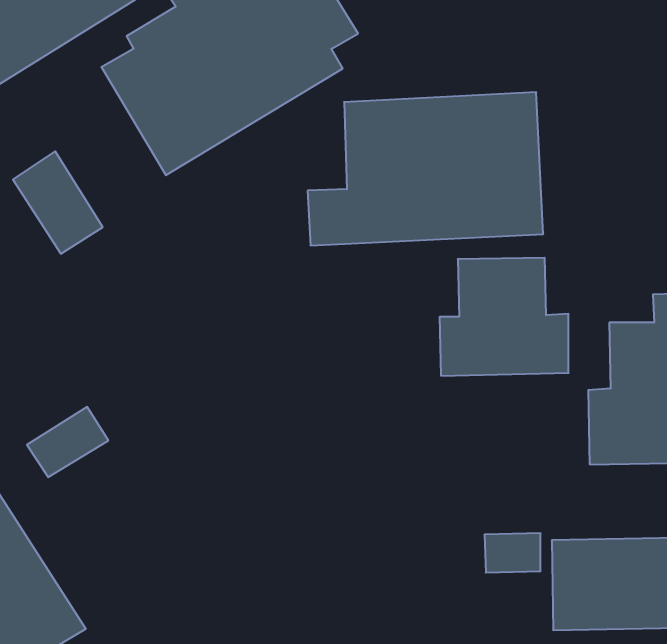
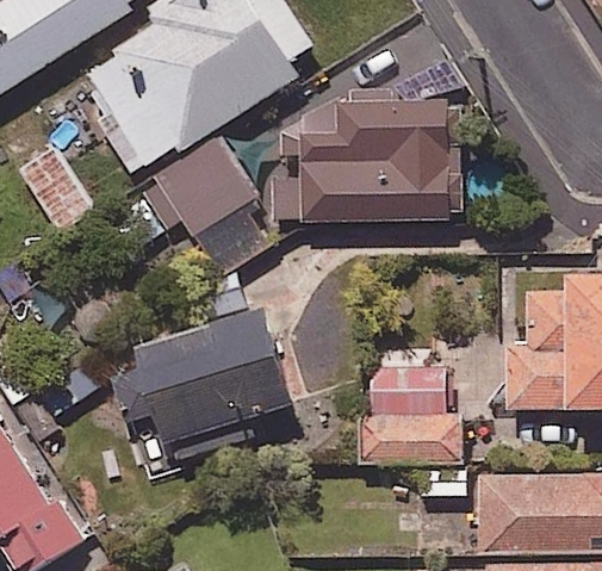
building: none -> [114,141,268,278]
building: [440,258,569,376] -> [355,368,465,468]
building: none -> [114,305,296,464]

